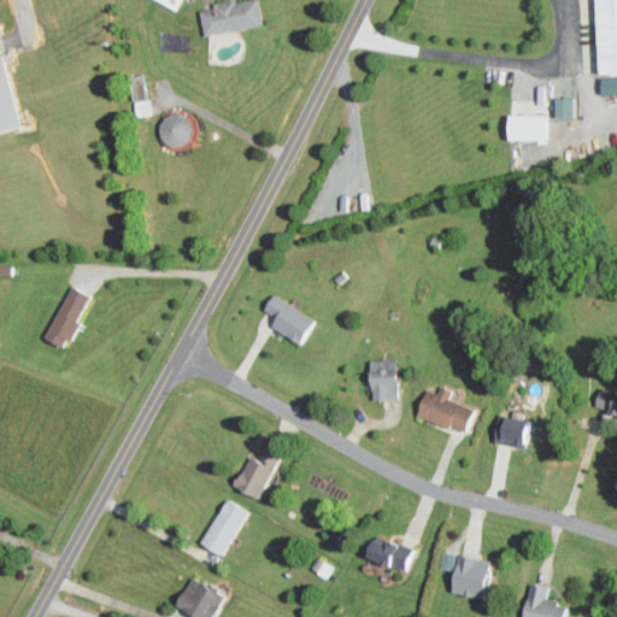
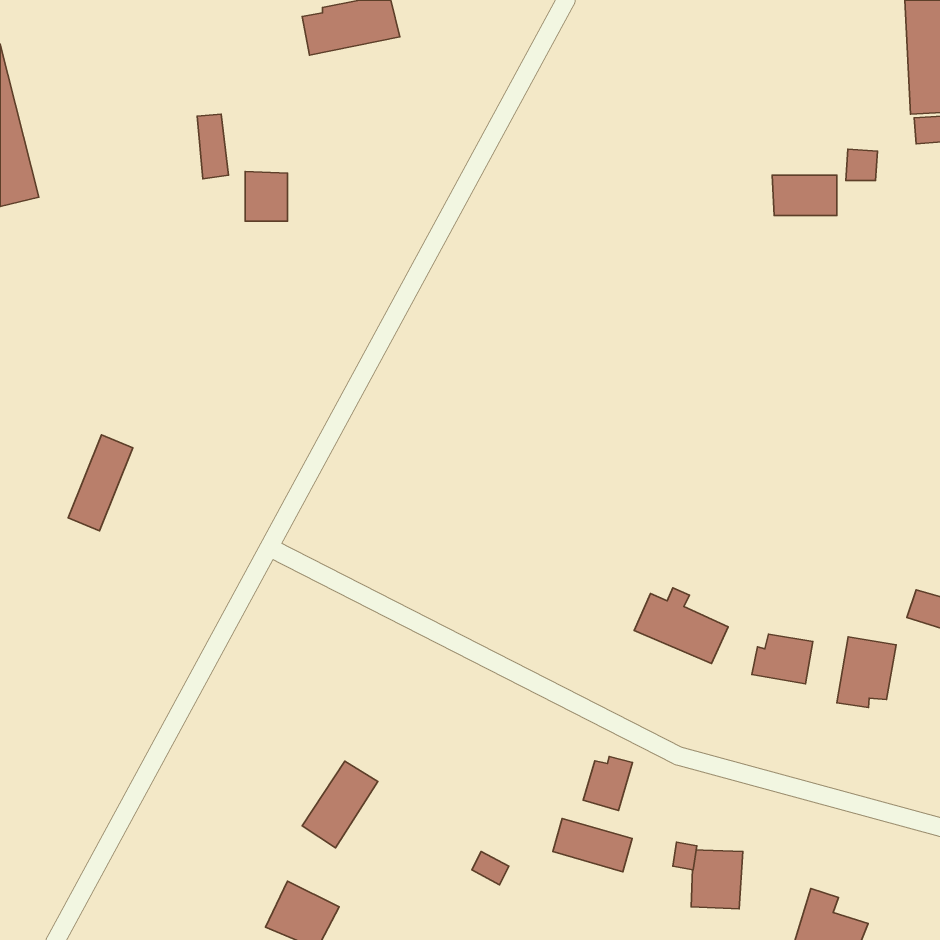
building: [263,293,316,345] -> none
building: [369,359,396,400] -> none
building: none -> [837,637,896,707]
building: [234,441,282,499] -> none
building: none -> [583,757,632,811]

